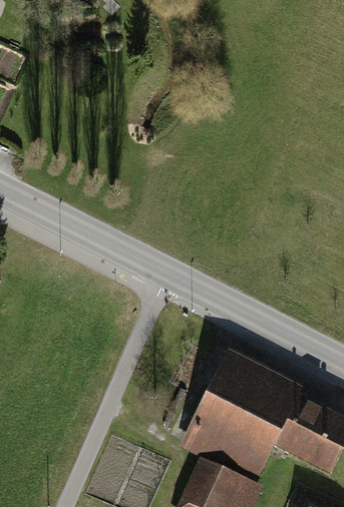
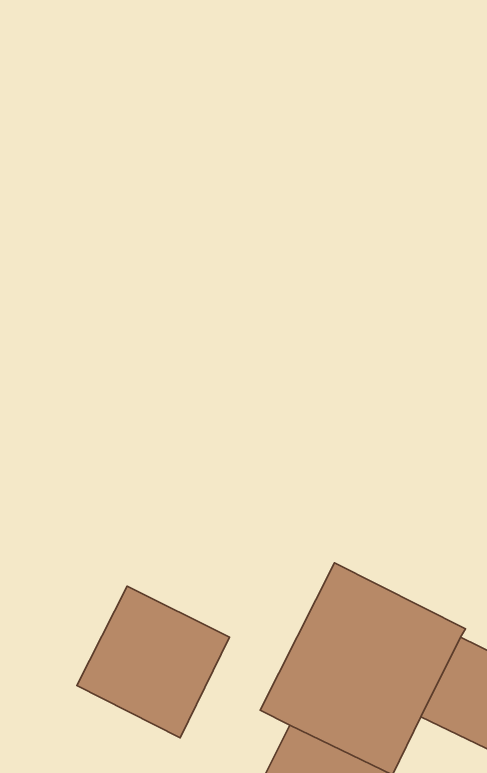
building: none -> [77,586,230,738]

